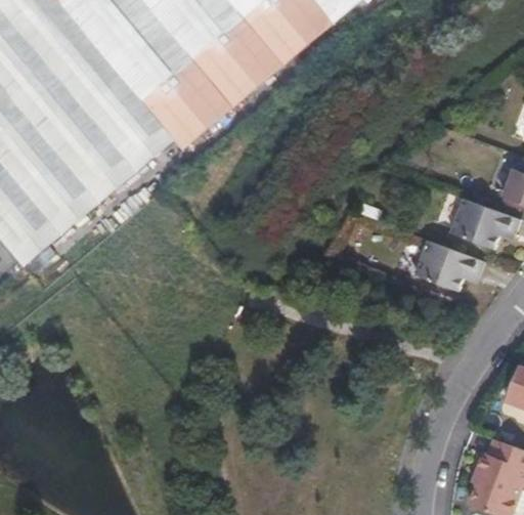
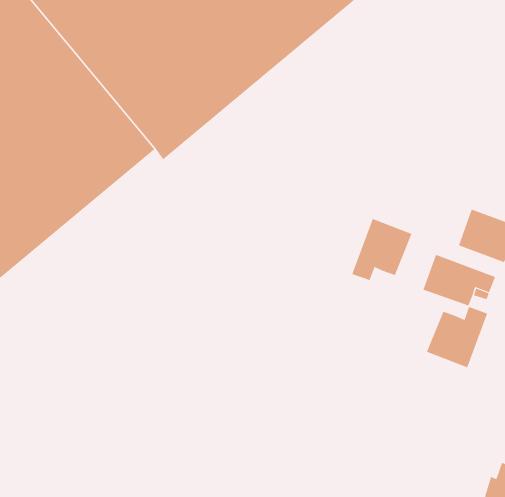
building: none -> [352,218,412,281]
building: none -> [426,306,488,368]

